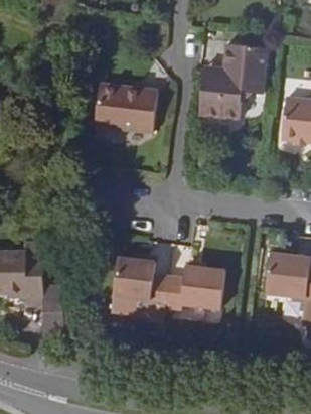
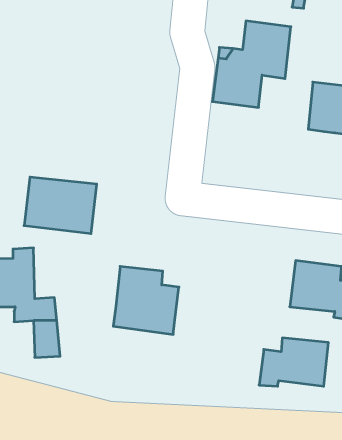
building: [94,84,157,133] -> [24,177,97,234]
building: [164,267,224,309] -> [259,338,328,386]

